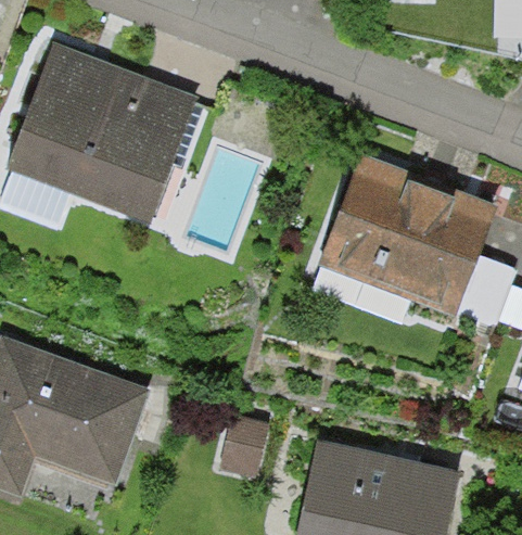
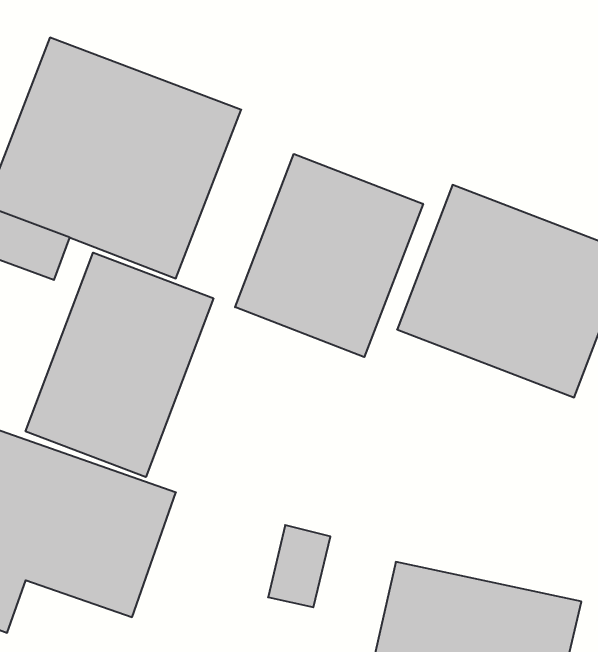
building: none -> [235,154,423,357]
building: none -> [26,253,213,477]

